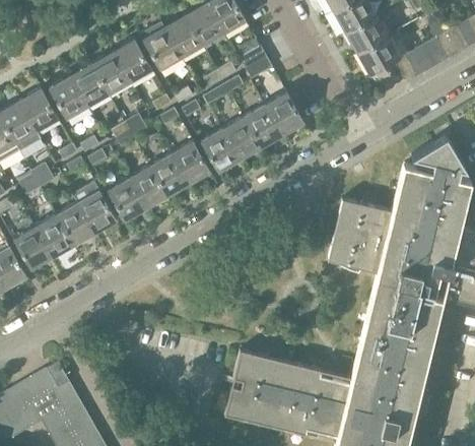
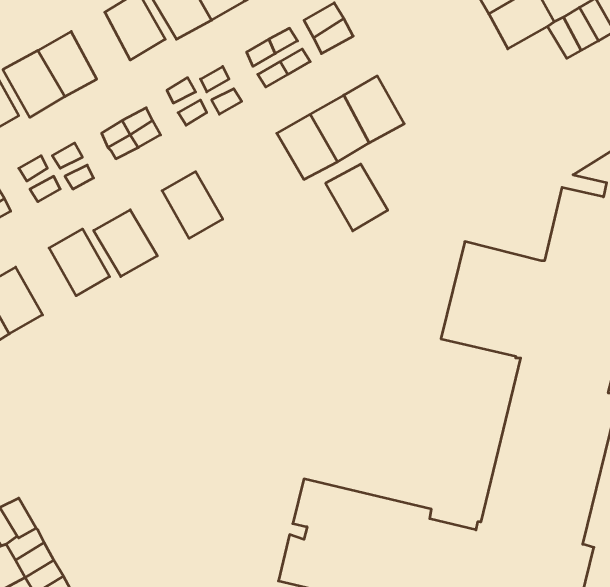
building: [91,53,129,95] -> none
building: [200,130,240,173] -> [326,164,388,231]
building: [171,142,210,185] -> none
building: [129,167,166,208] -> none
building: [56,203,94,246] -> none

